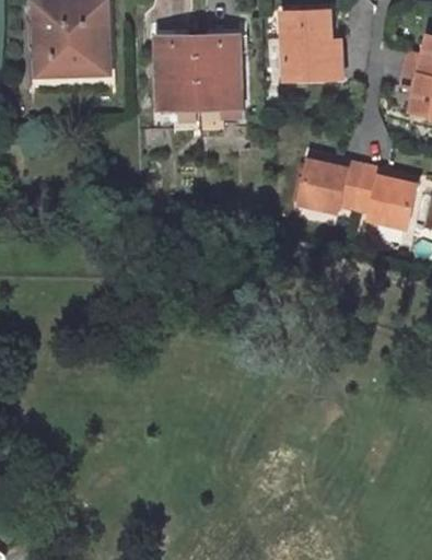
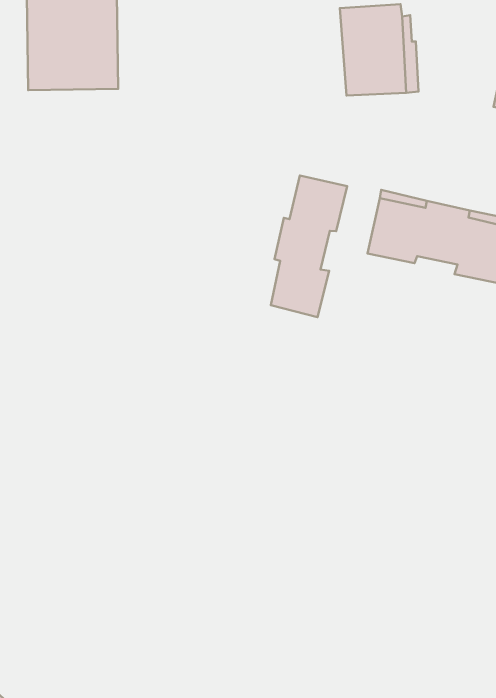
building: [154,35,238,107] -> none
building: none -> [271,175,347,317]

